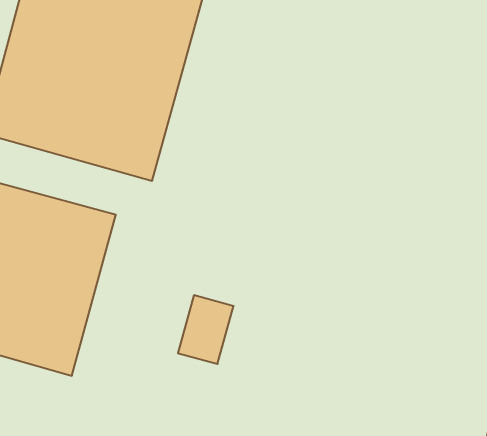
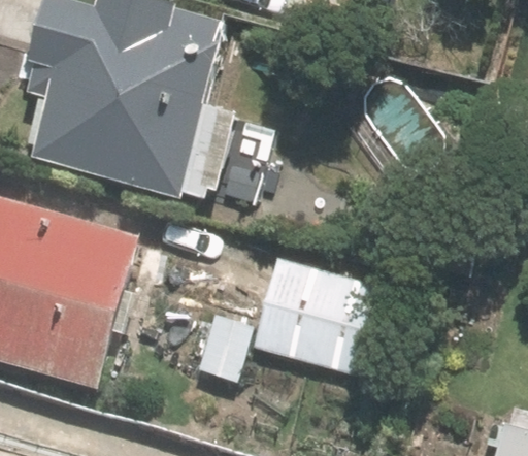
building: none -> [252,258,389,379]

